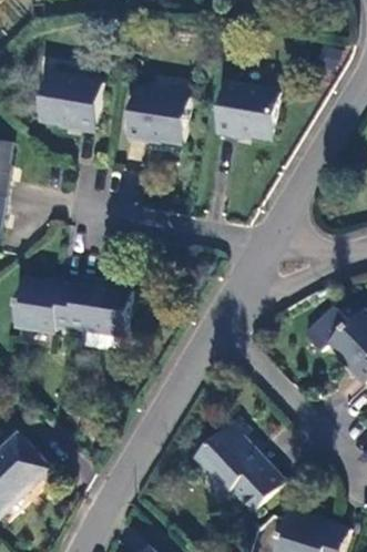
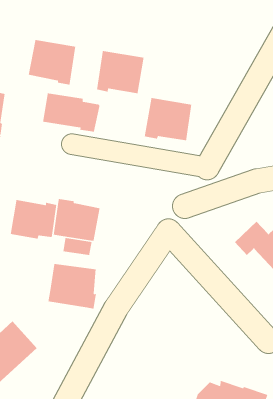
building: [216,82,278,139] -> [144,97,192,141]
building: none -> [42,92,100,132]
building: none -> [48,263,97,310]
building: [193,417,285,512] -> none

